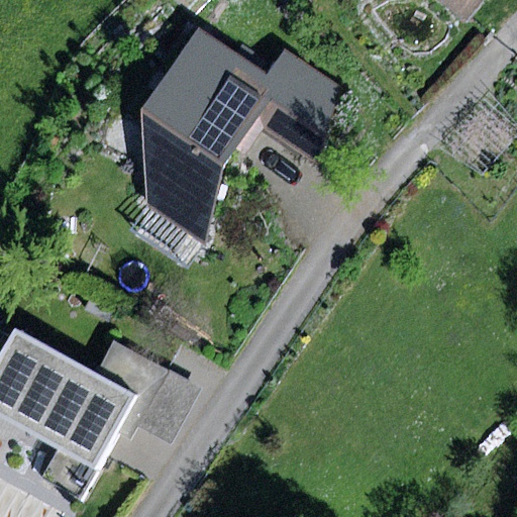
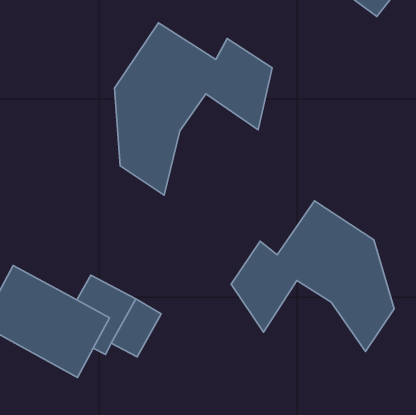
building: none -> [231,201,394,352]

